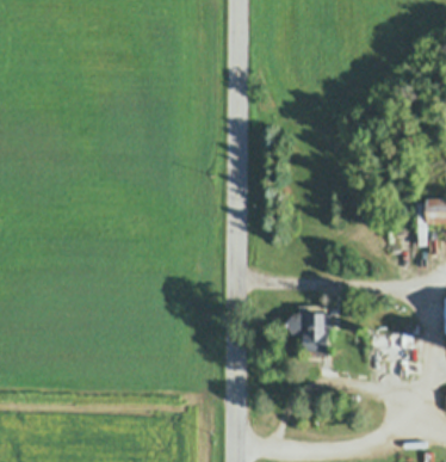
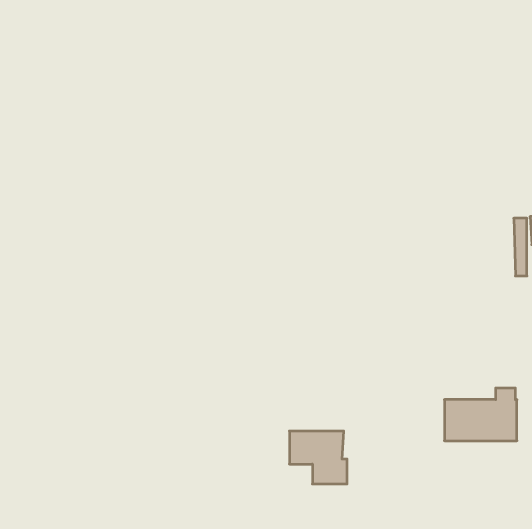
building: [289,312,330,350] -> [289,431,347,484]

